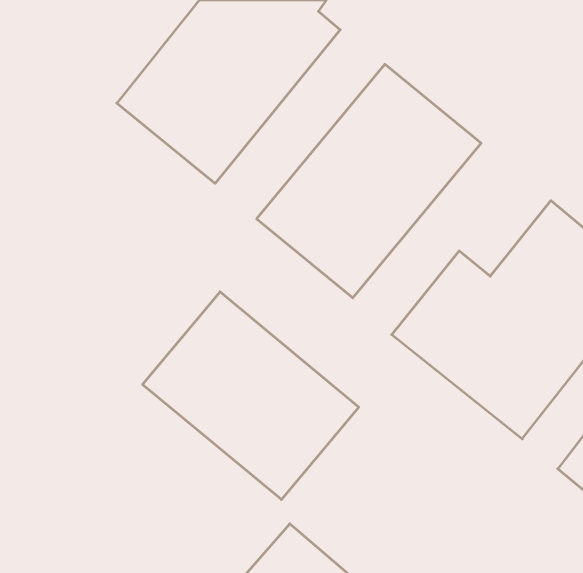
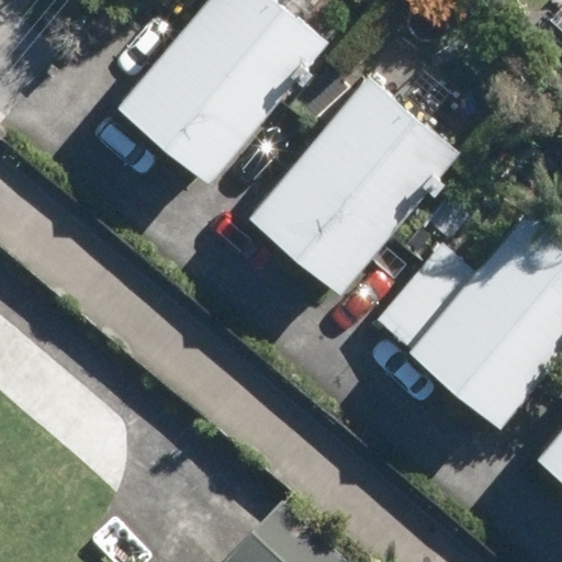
building: [143,292,359,500] -> none

